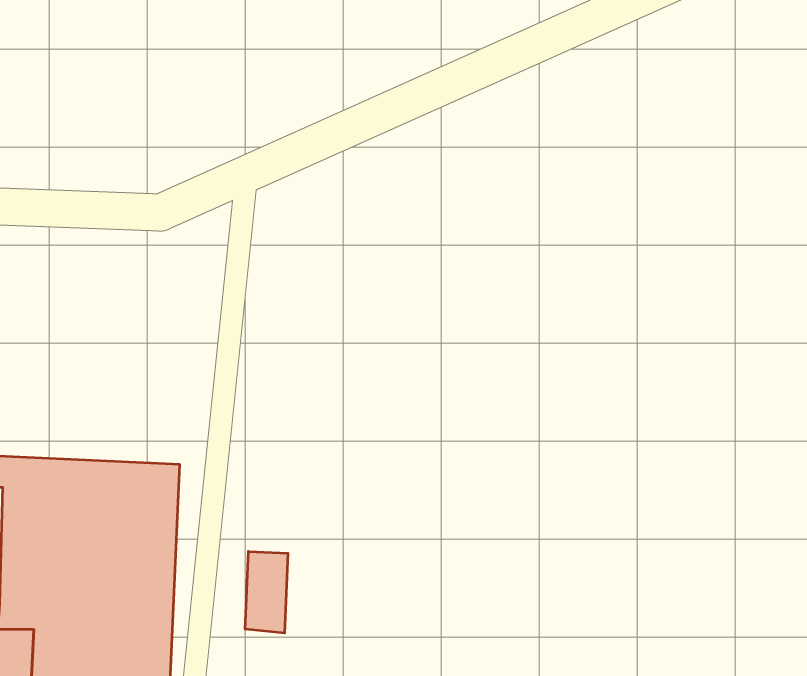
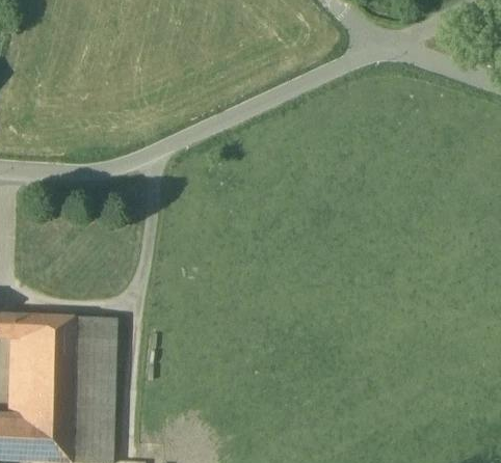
building: [245,551,288,633] -> none

